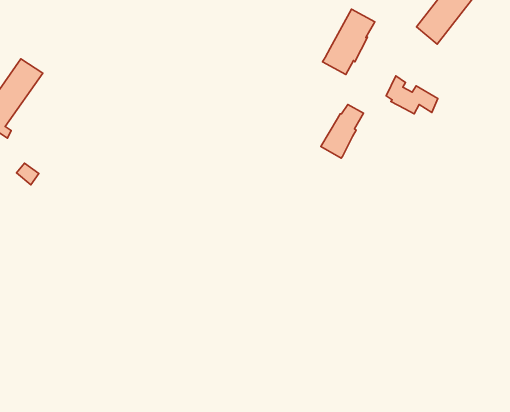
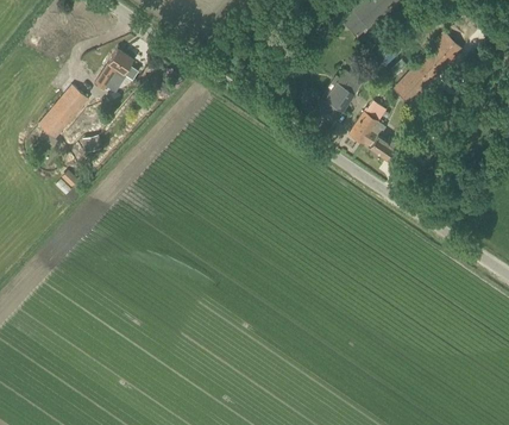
building: none -> [95,49,133,89]
building: [321,104,364,158] -> [348,101,385,144]

